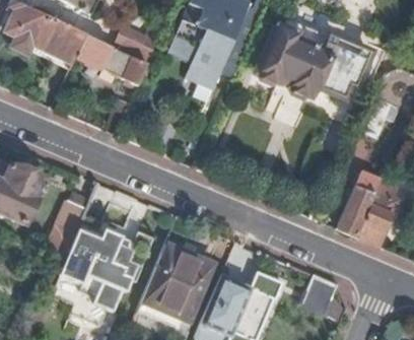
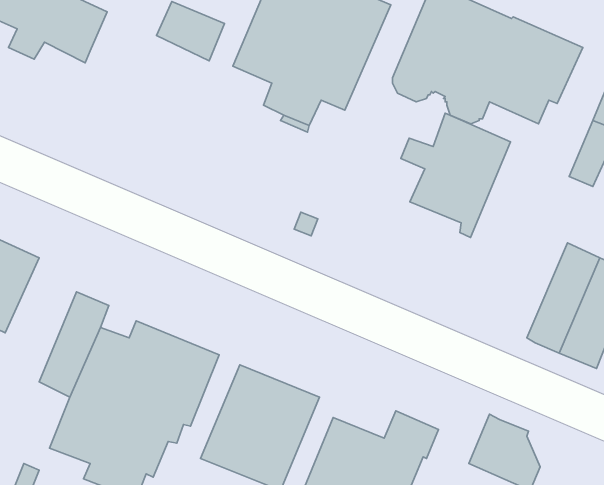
building: [75,31,146,84] -> none
building: none -> [401,113,511,238]

